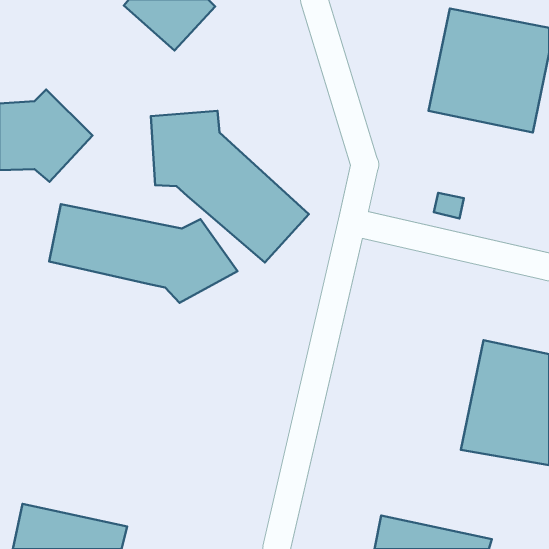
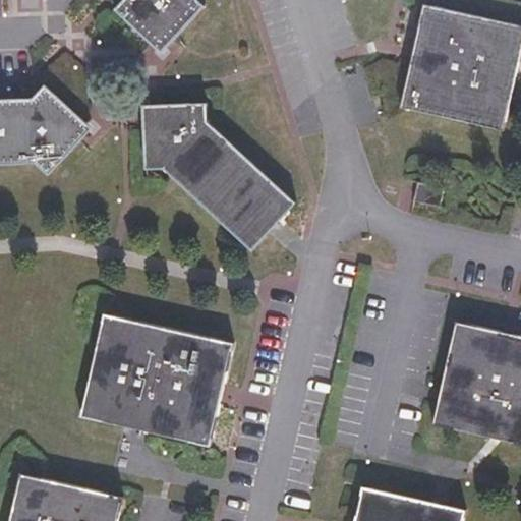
building: [49,204,238,303] -> none
building: none -> [84,317,231,444]

